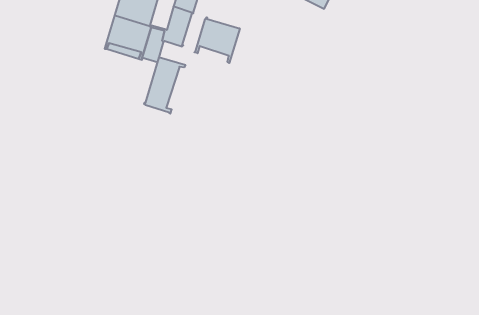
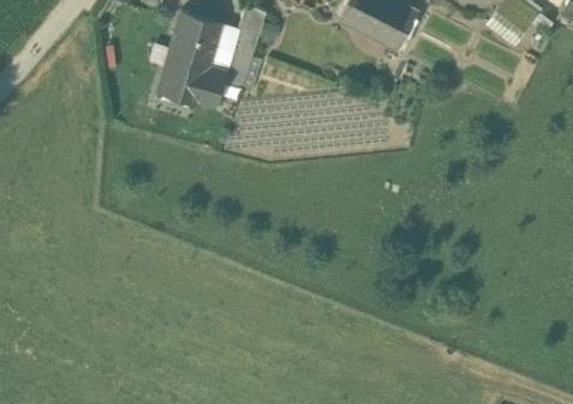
building: [194,17,240,63] -> none
building: [144,57,185,114] -> none

